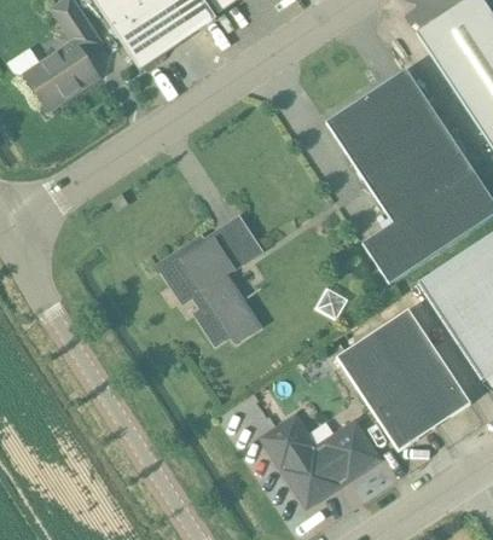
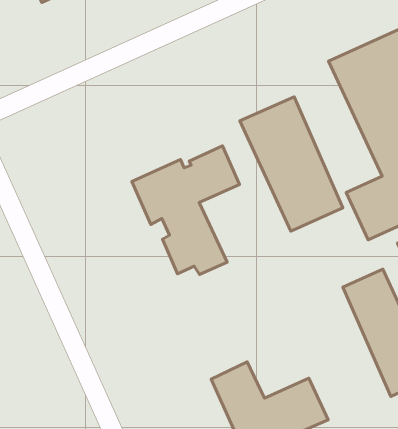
building: none -> [240,97,343,231]
building: [338,331,435,449] -> none

